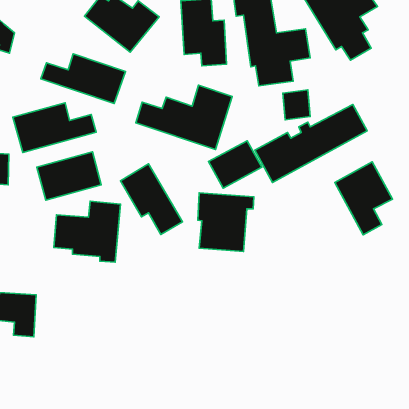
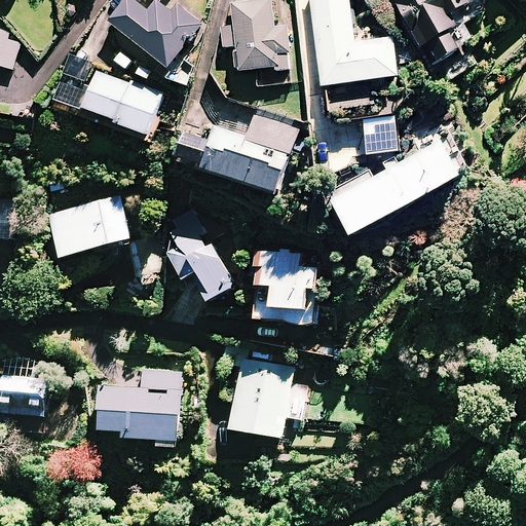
building: [13,103,96,152] -> none
building: [209,141,262,188] -> none
building: [335,162,392,235] -> none
building: [54,201,121,262] -> [97,367,182,445]
building: none -> [222,347,303,436]

